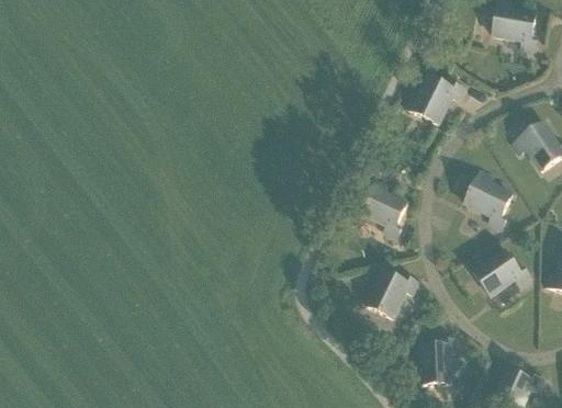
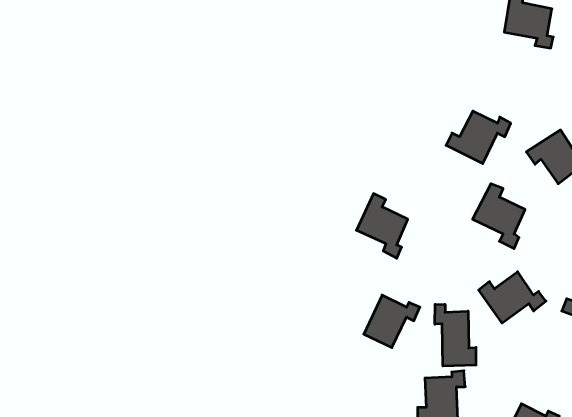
building: [405,75,463,122] -> [446,111,511,164]
building: none -> [435,304,476,366]

